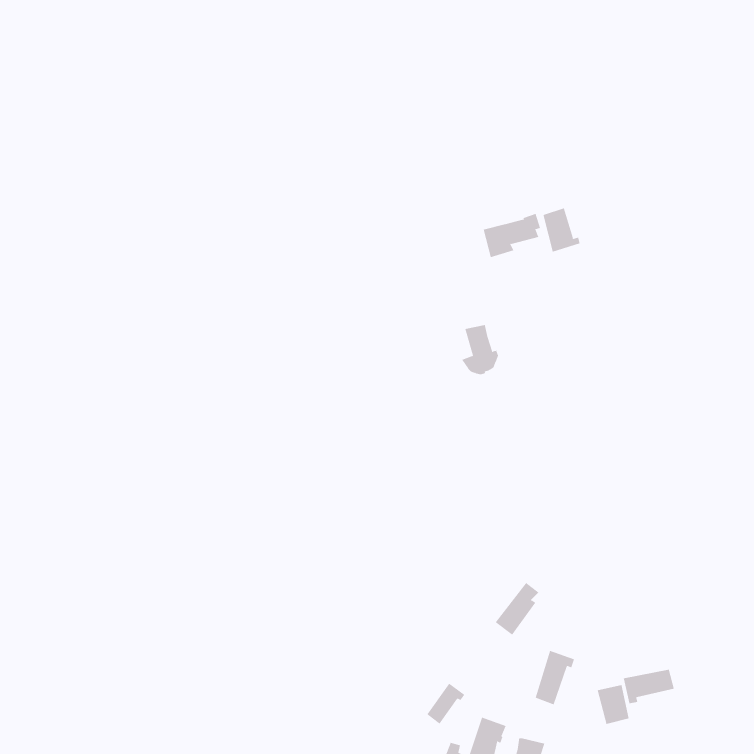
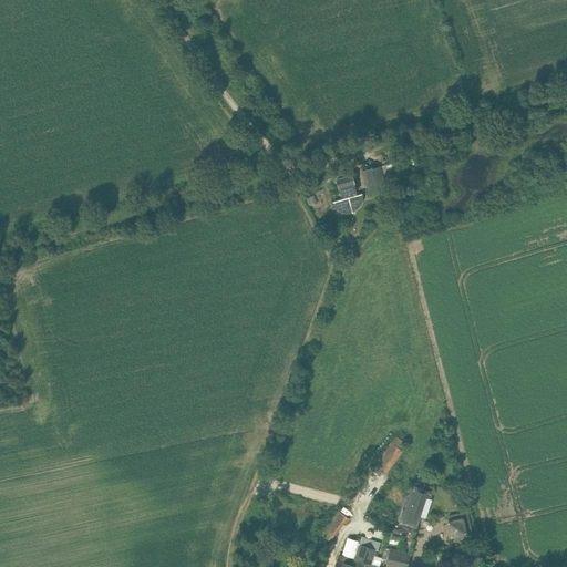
building: [543,207,580,252] -> none
building: [460,325,500,375] -> [331,177,361,215]
building: [623,669,675,704] -> none

